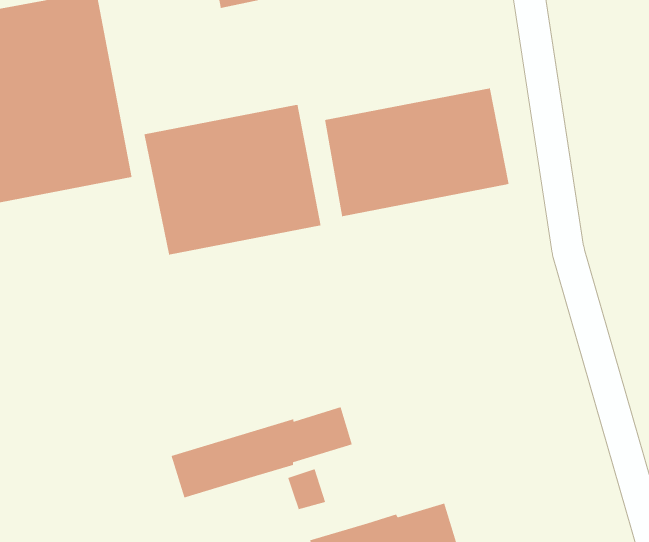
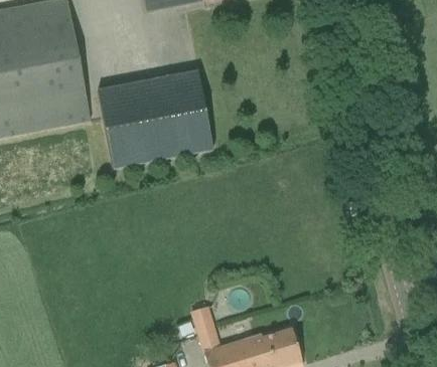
building: [324,87,509,217] -> none
building: [170,406,353,499] -> none

